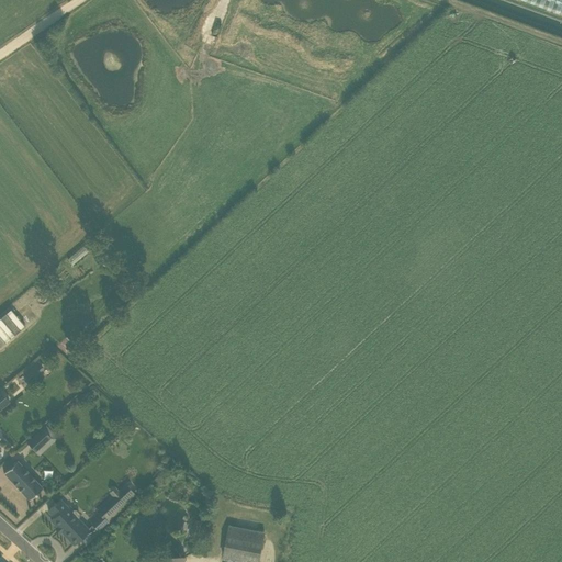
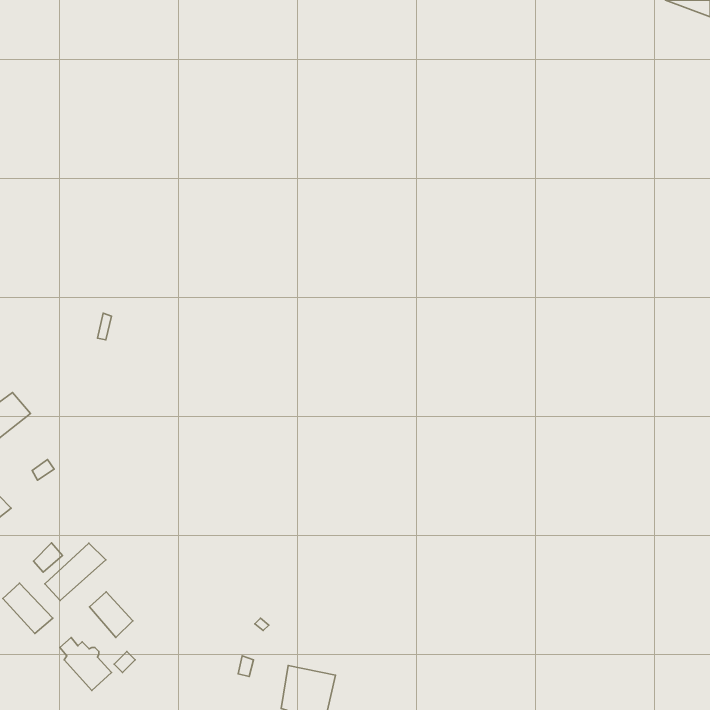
building: none -> [45,543,106,600]
building: none -> [90,592,133,637]

